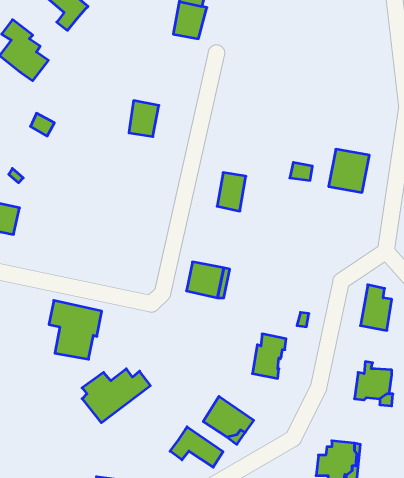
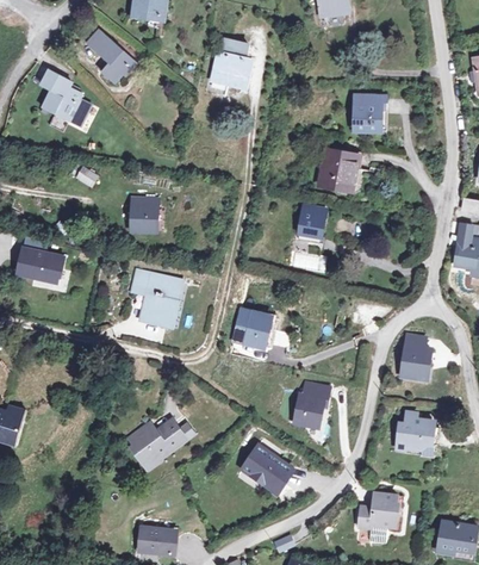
building: none -> [357,97,381,128]
building: [129,101,159,137] -> [132,197,162,232]
building: [329,149,369,192] -> [315,148,355,191]
building: [217,173,246,211] -> [299,200,328,238]
building: [49,300,102,359] -> [129,268,181,327]
building: [170,427,223,467] -> none

